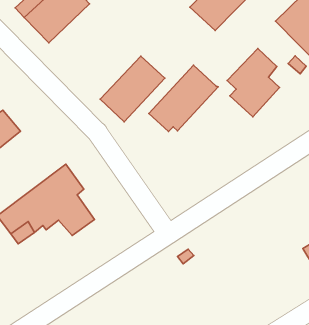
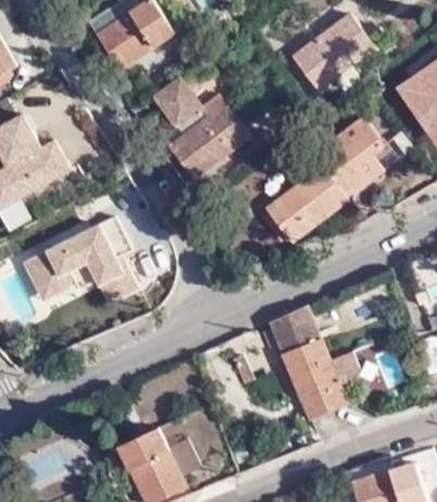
building: none -> [151,74,200,124]
building: [149,65,218,131] -> [260,167,347,241]
building: none -> [270,306,363,420]

